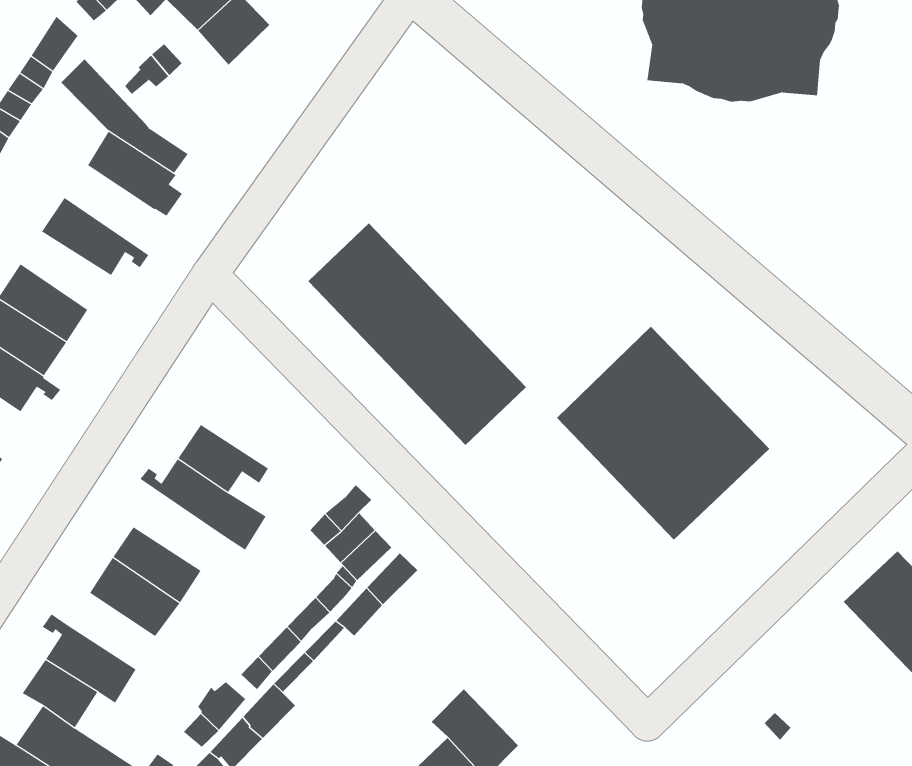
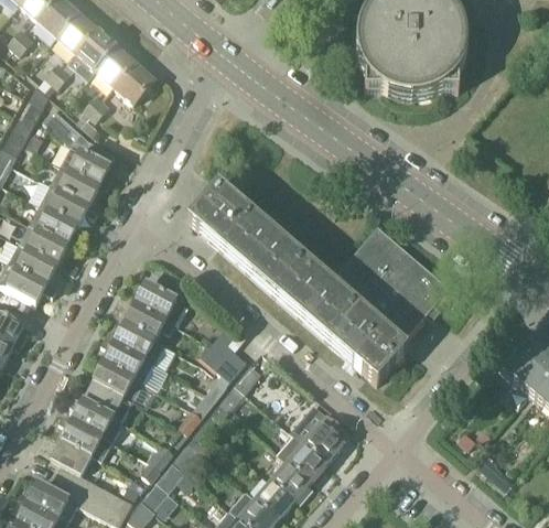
building: none -> [51,164,100,205]
building: none -> [30,203,80,244]
building: none -> [283,265,409,381]
building: none -> [137,281,187,322]
building: none -> [101,334,155,381]
building: none -> [74,399,123,439]
building: none -> [291,402,348,462]

